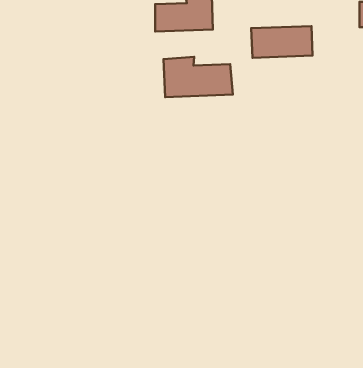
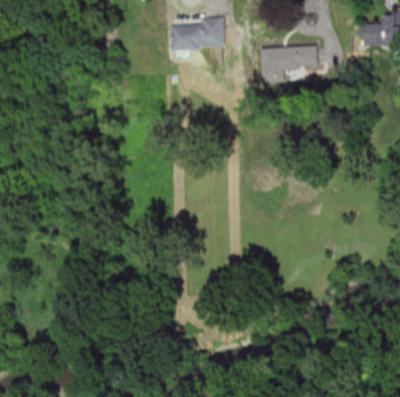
building: [164,57,233,97] -> none

